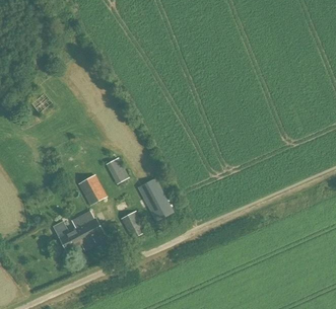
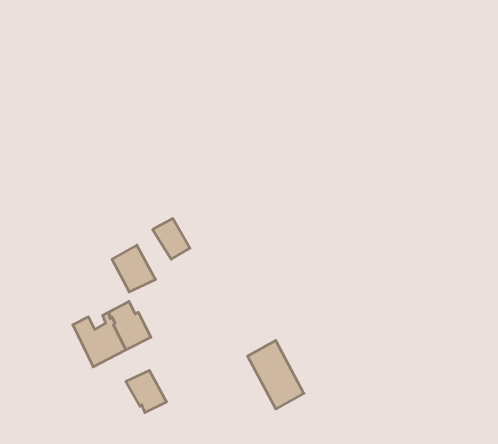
building: [137,177,174,222] -> [248,340,304,409]
building: [120,211,146,238] -> [126,370,167,413]

